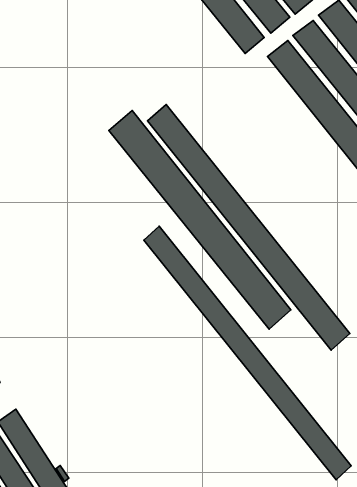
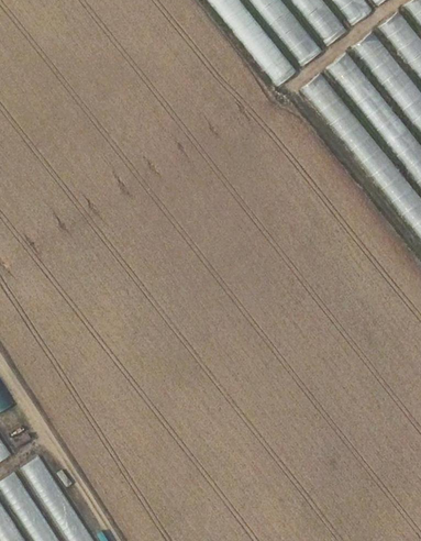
building: [148,104,350,350] -> none
building: [109,111,291,329] -> none
building: [144,226,351,480] -> none

